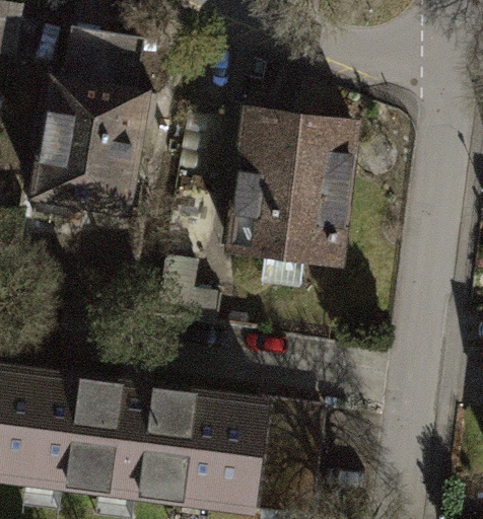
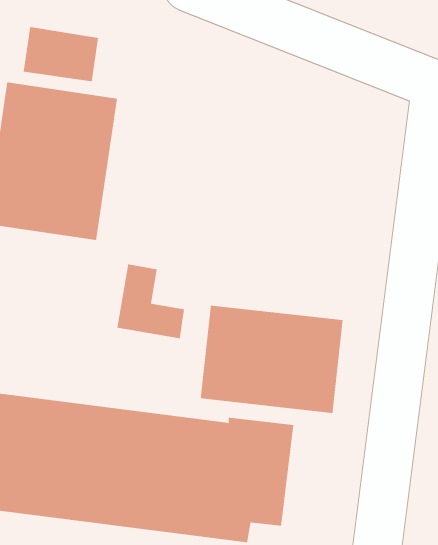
building: [227,113,347,261] -> none
building: none -> [200,305,343,414]

